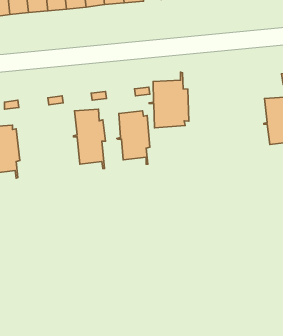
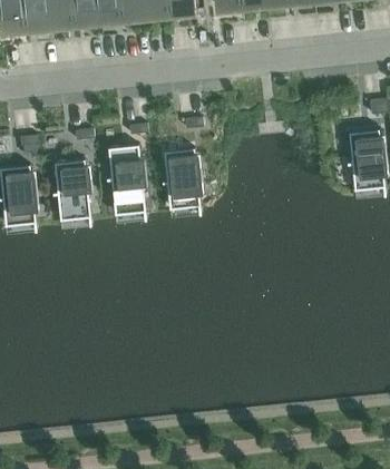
building: [149,72,189,128] -> none
building: none -> [52,159,92,225]

